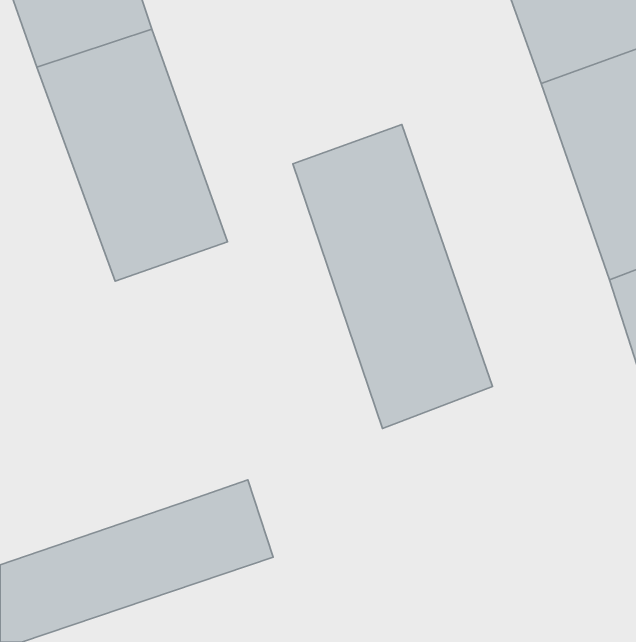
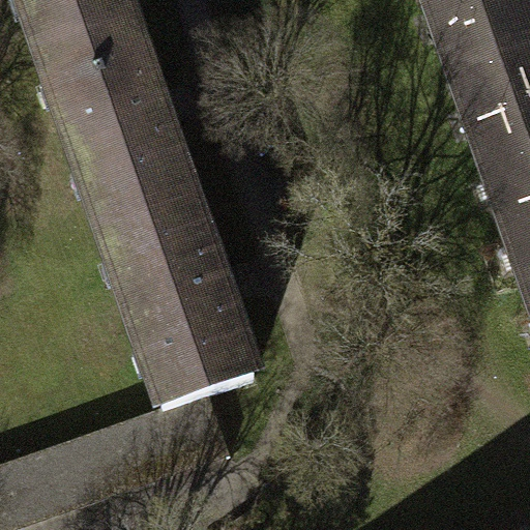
building: [293,125,492,428] -> none
building: none -> [102,198,257,409]

